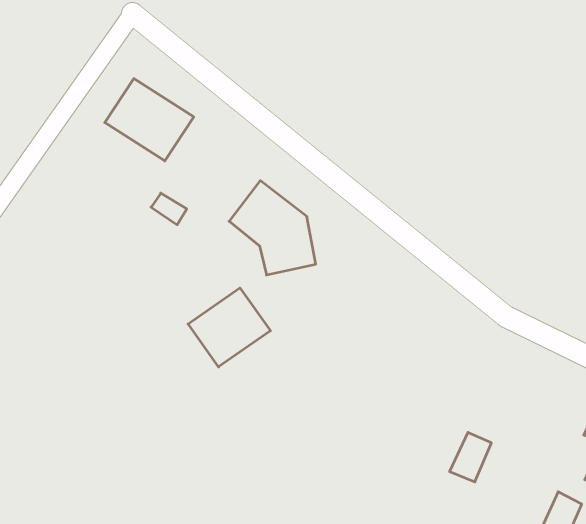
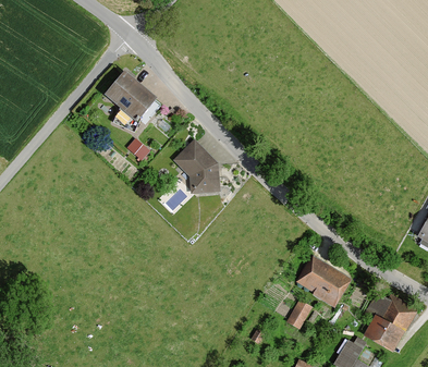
building: [188,288,270,367] -> none
building: none -> [294,255,352,307]

